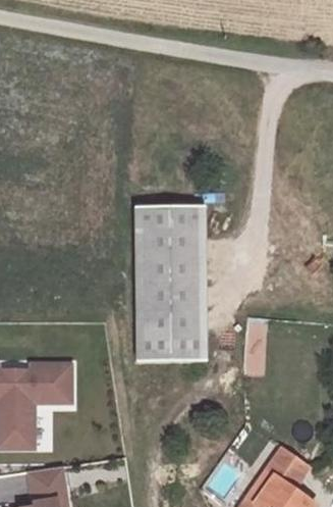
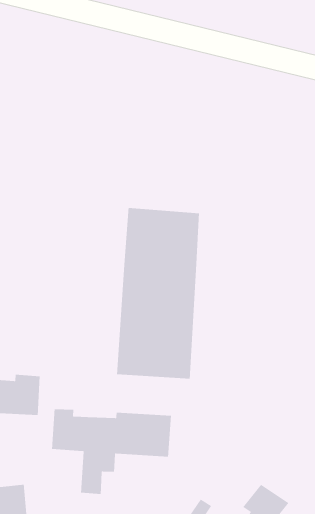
building: none -> [51,408,172,495]

